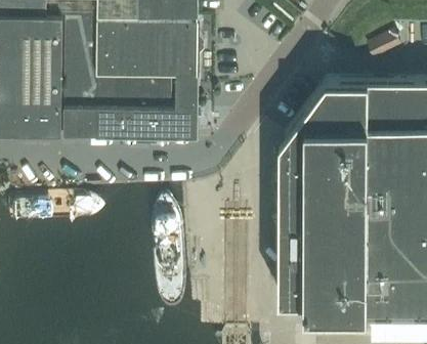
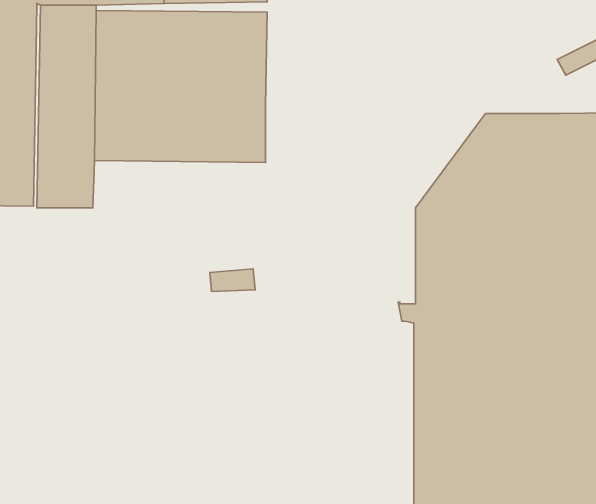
building: [95,113,201,141] -> none

